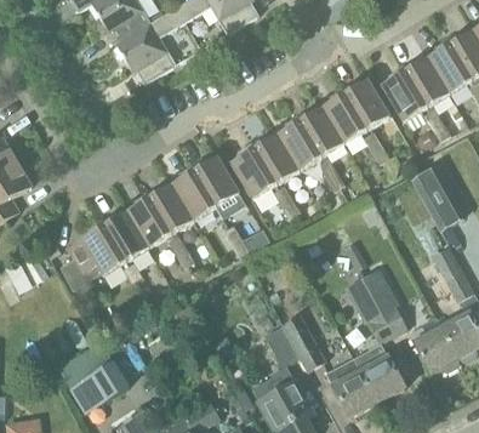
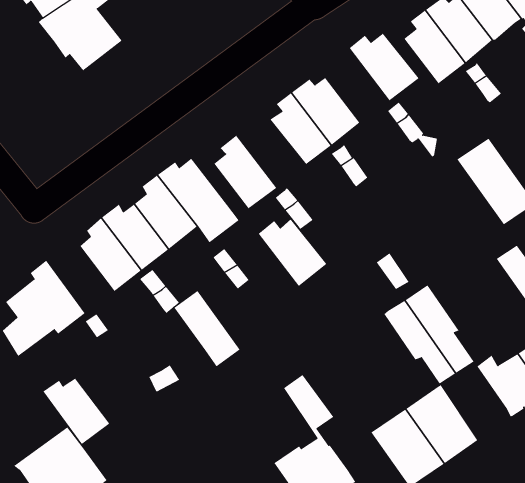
building: [323,87,367,143] -> none
building: [252,133,301,184] -> [258,218,327,287]
building: [102,211,149,261] -> [43,378,110,445]
building: [281,313,327,371] -> [173,290,241,367]

